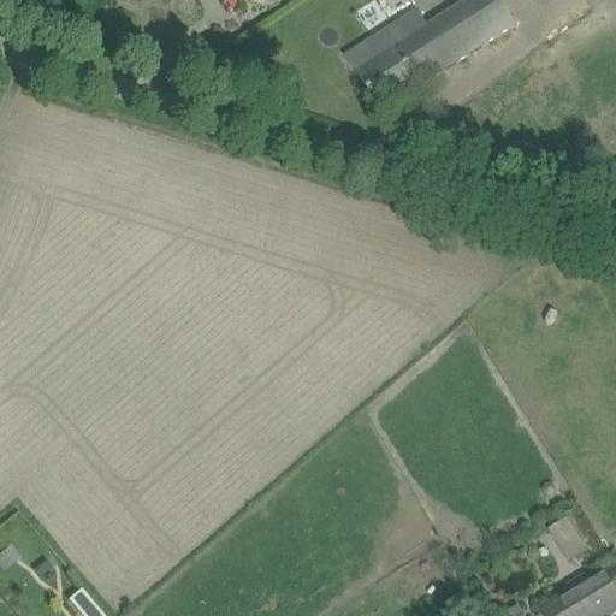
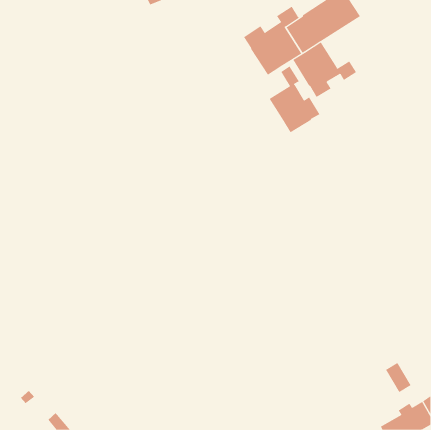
building: none -> [293,42,357,98]
building: none -> [269,66,320,133]

